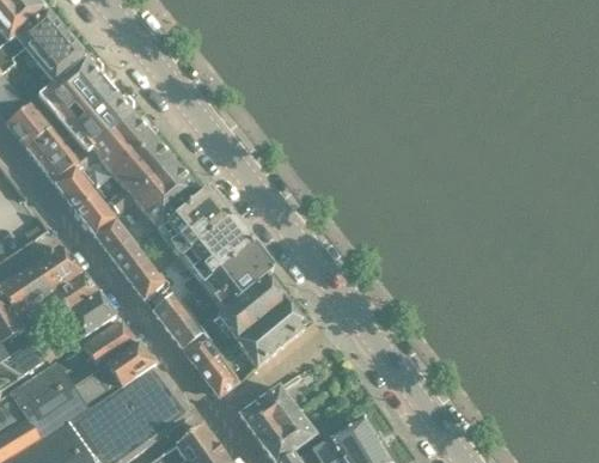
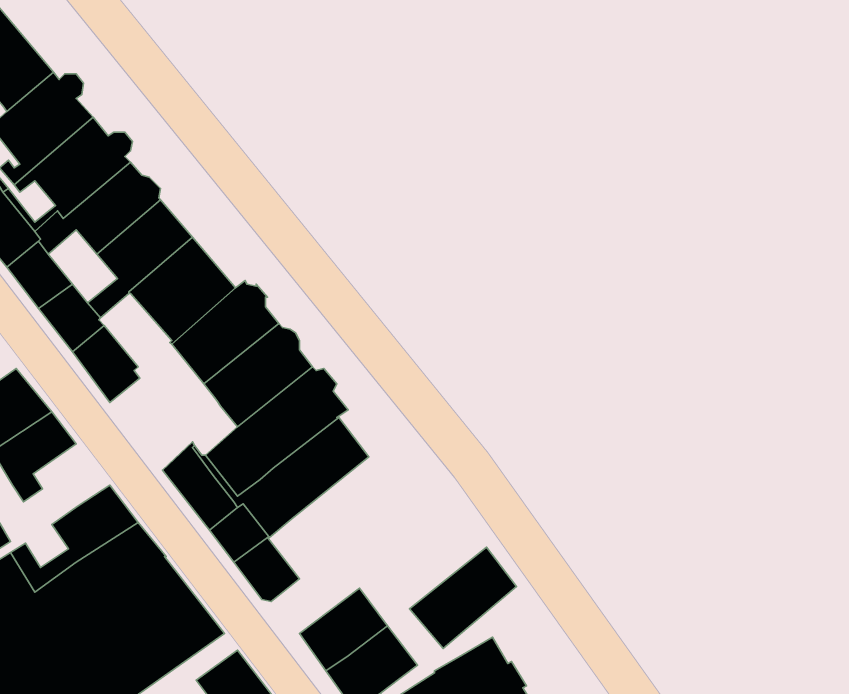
building: [120,251,164,298] -> none
building: [71,293,115,335] -> none
building: [236,301,304,366] -> [409,547,516,648]

